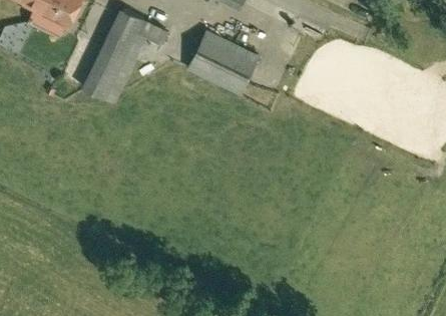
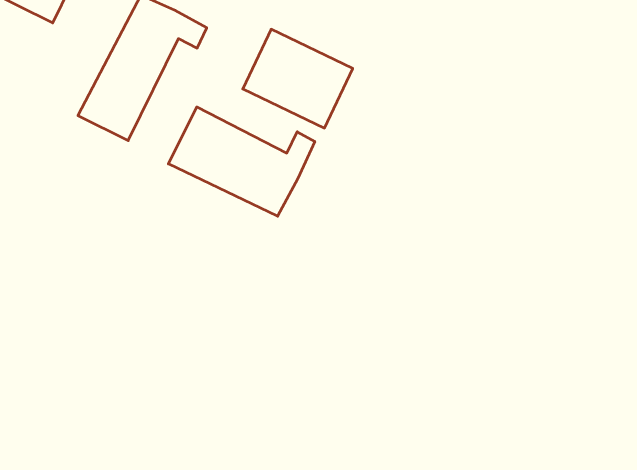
building: none -> [168,107,315,216]

